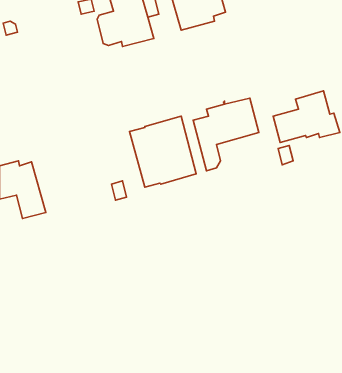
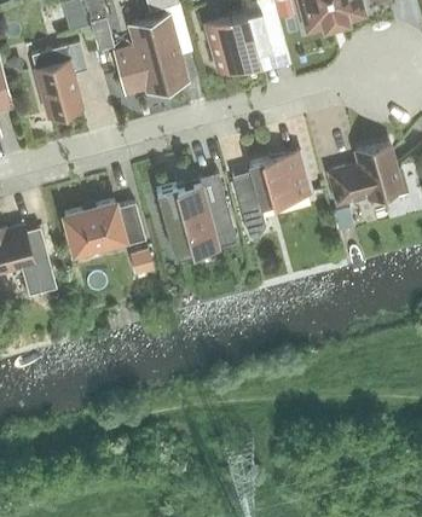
building: none -> [31,42,87,118]
building: none -> [64,202,144,252]

